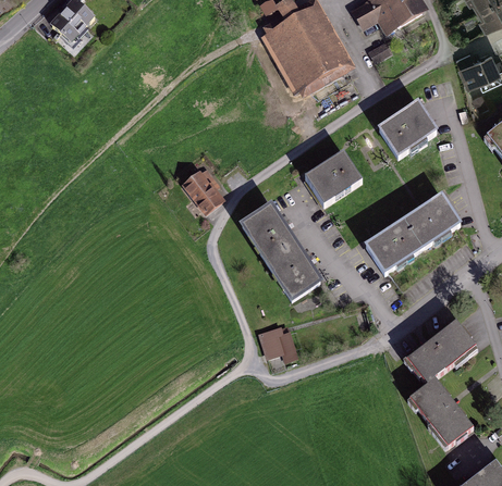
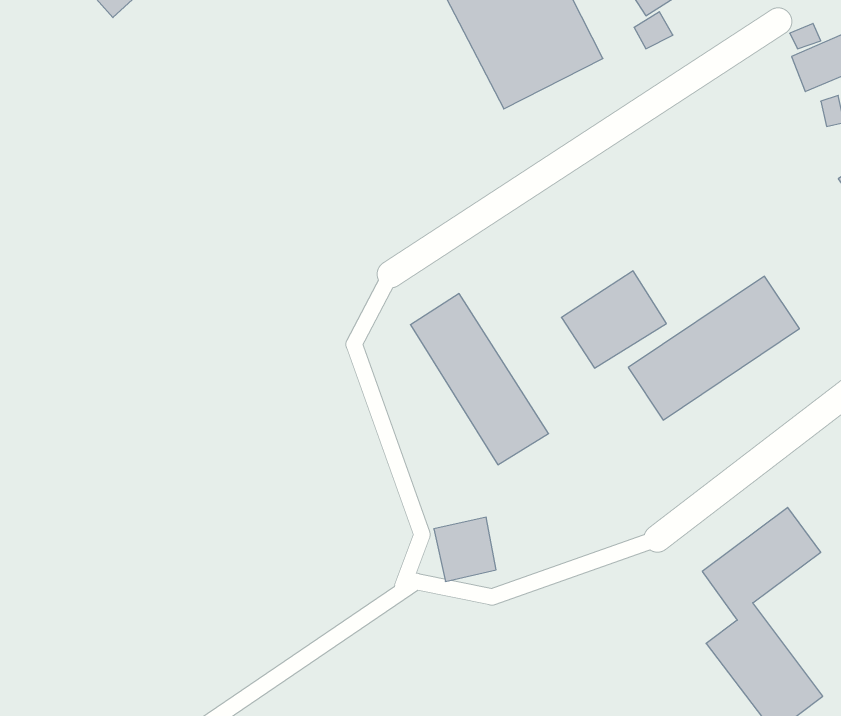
building: [379,101,438,155] -> none
building: [303,150,362,204] -> [561,271,666,368]
building: [186,173,223,212] -> none

